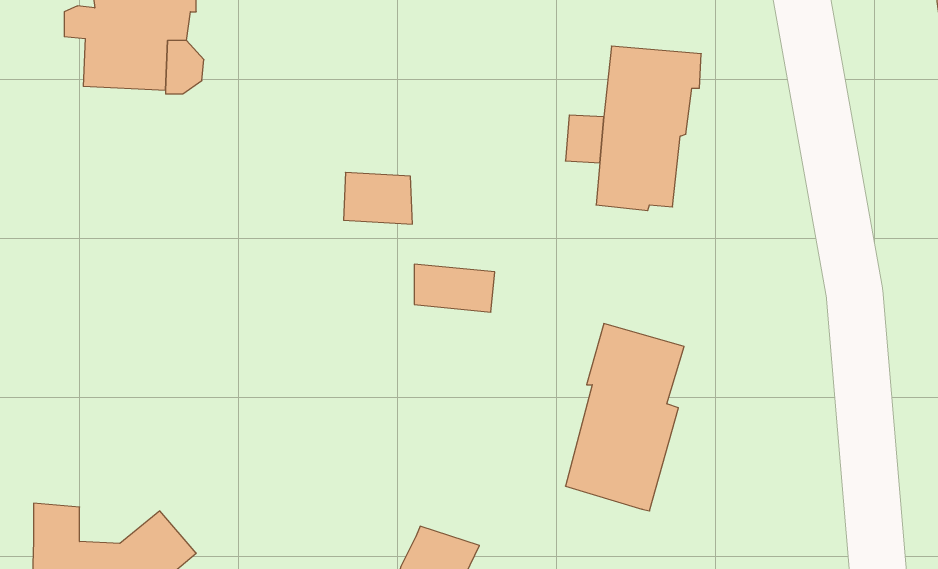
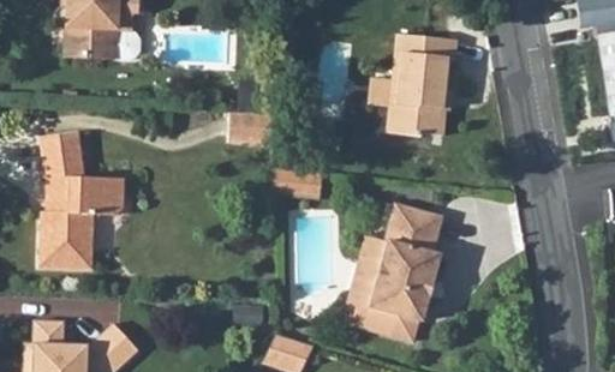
building: none -> [38,134,124,266]
building: none -> [342,239,417,343]

